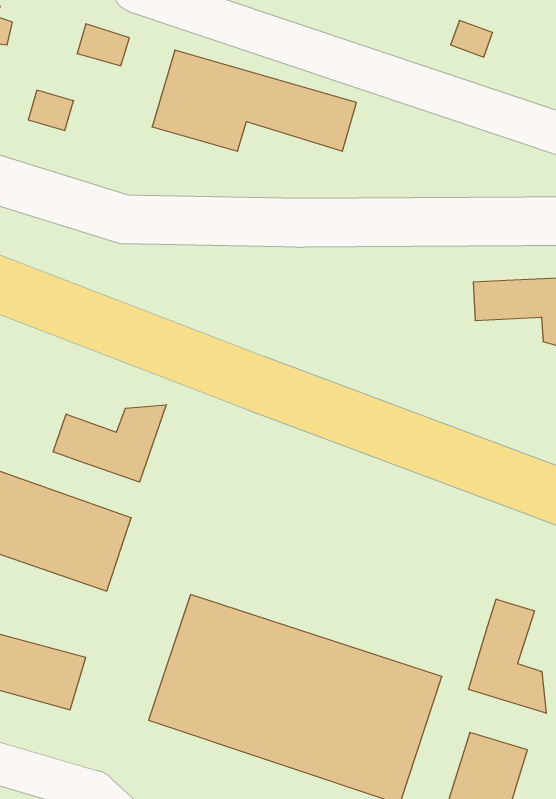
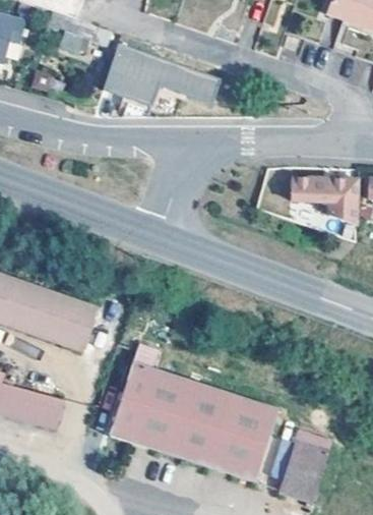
building: [53,405,166,482] -> none
building: [468,599,546,713] -> none

